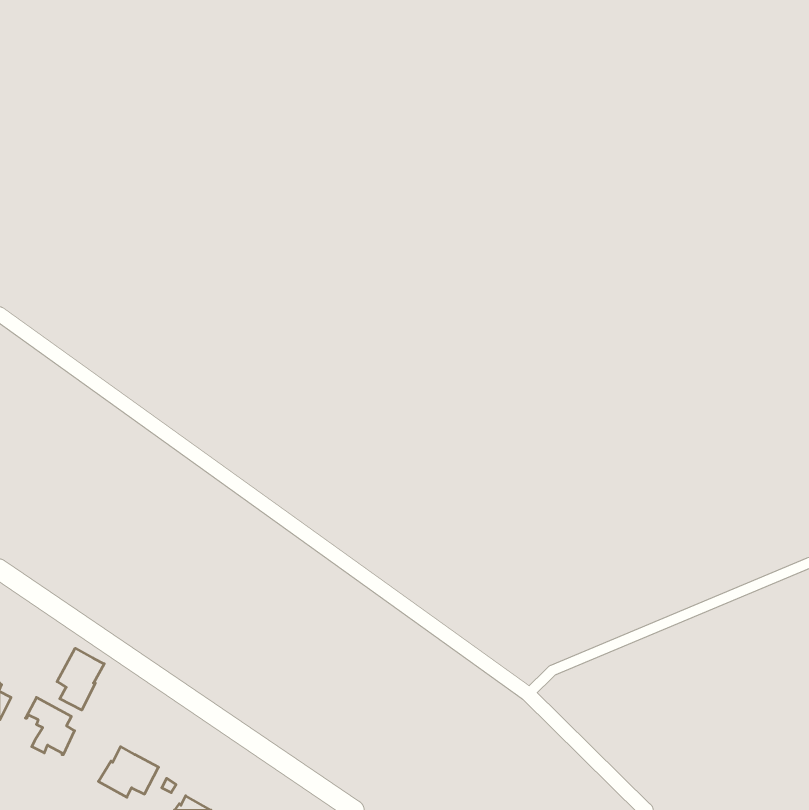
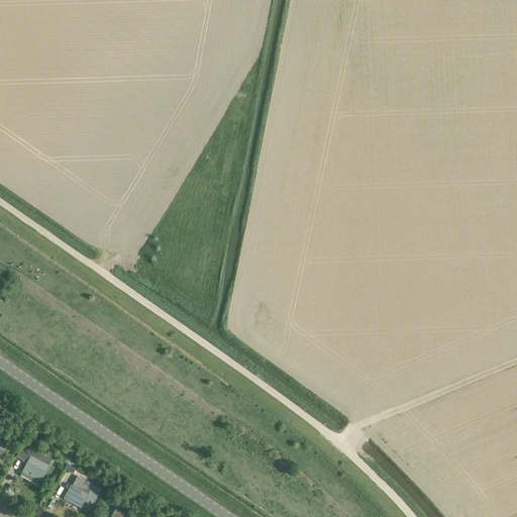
building: [57,648,104,710] -> none

